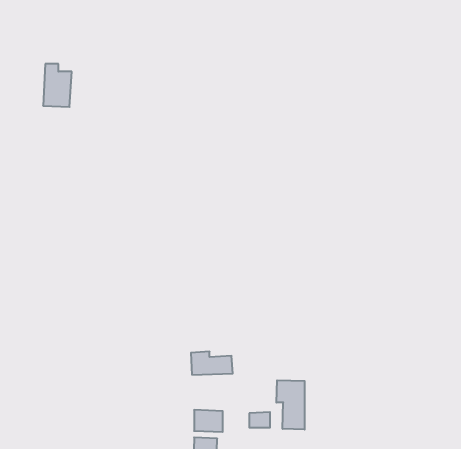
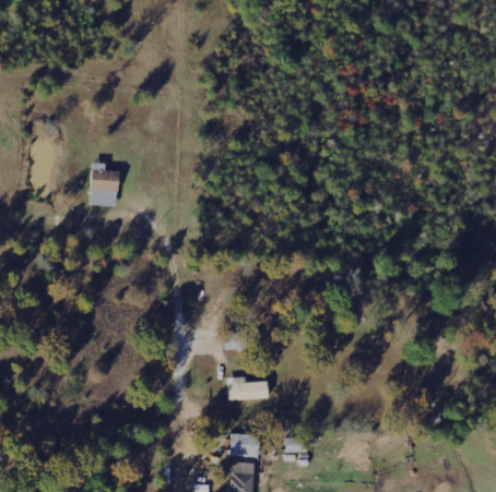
building: [43,64,72,107] -> [91,163,119,205]
building: [276,380,305,430] -> none

